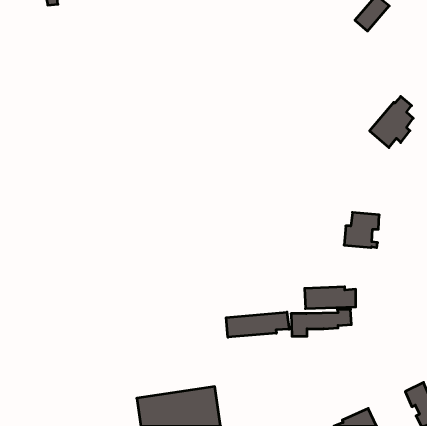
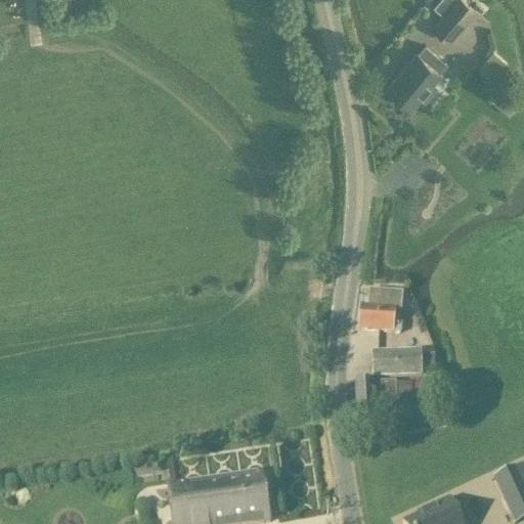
building: [370,96,413,148] -> [389,42,442,104]
building: [344,212,379,248] -> [361,289,404,332]
building: [226,312,289,337] -> none

